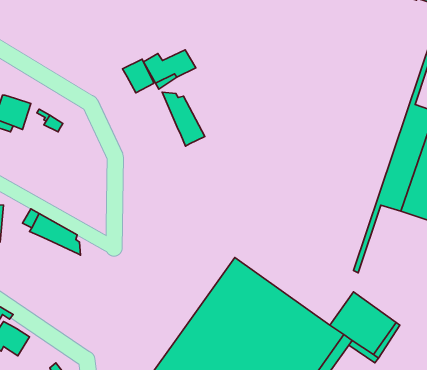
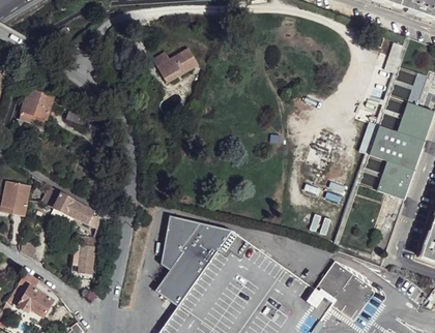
building: [123,59,154,93] -> none
building: [162,92,205,146] -> none
building: none -> [160,215,232,305]
building: none -> [77,242,95,270]

